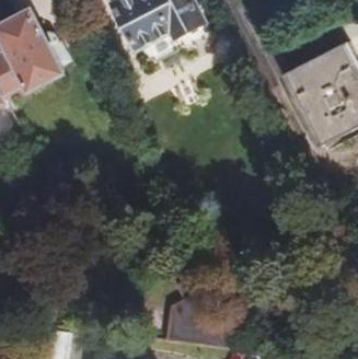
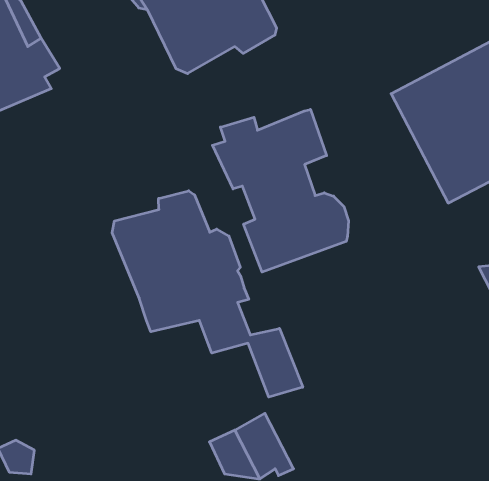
building: none -> [212,109,349,272]
building: none -> [112,191,303,397]

